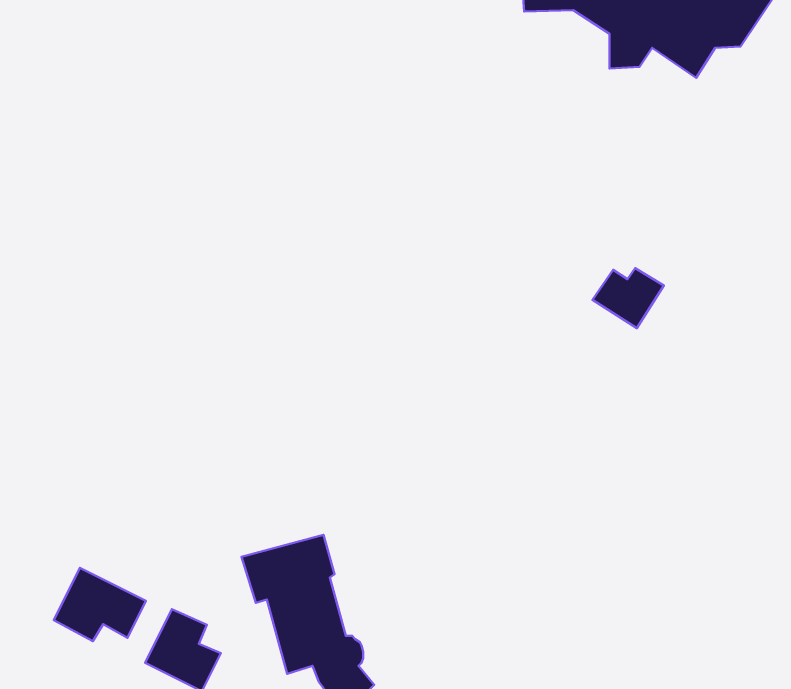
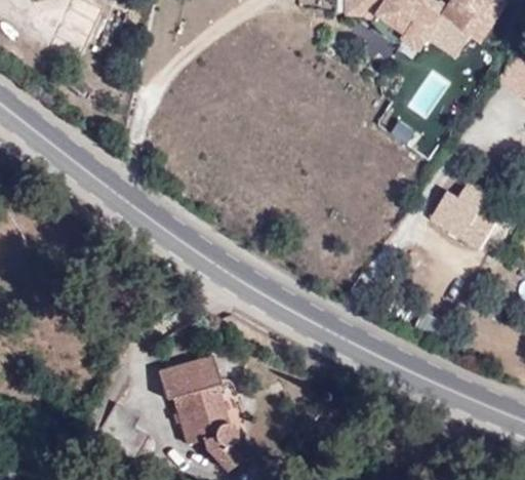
building: [593,268,664,328] -> [436,197,482,236]
building: [54,568,146,641] -> none

